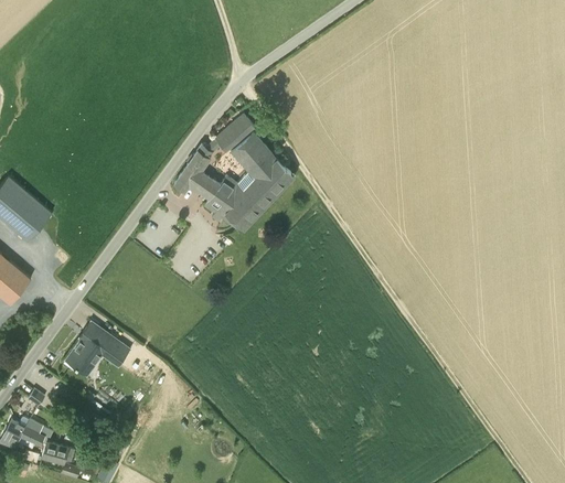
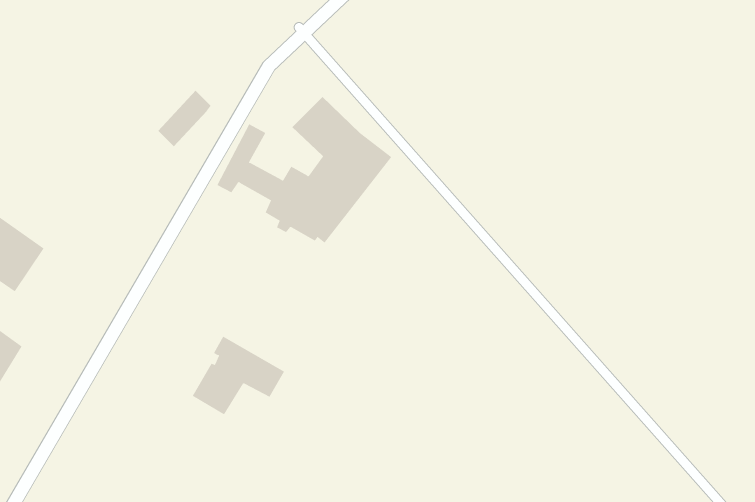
building: [214,114,253,151] -> [157,90,212,147]
building: [64,321,129,375] -> [192,336,285,415]

